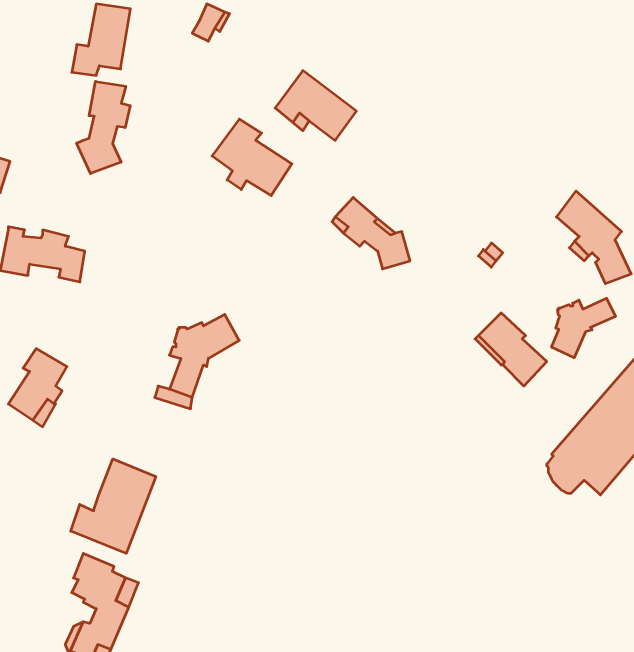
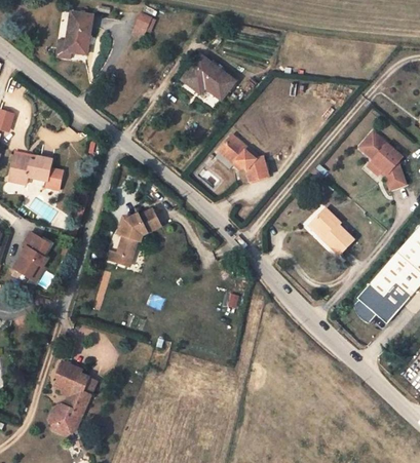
building: [77,81,130,174] -> none
building: [212,119,292,196] -> none
building: [552,298,616,358] -> none
building: [71,459,156,553] -> none

